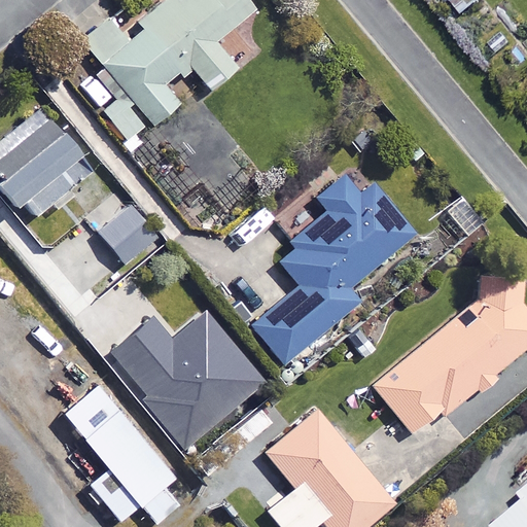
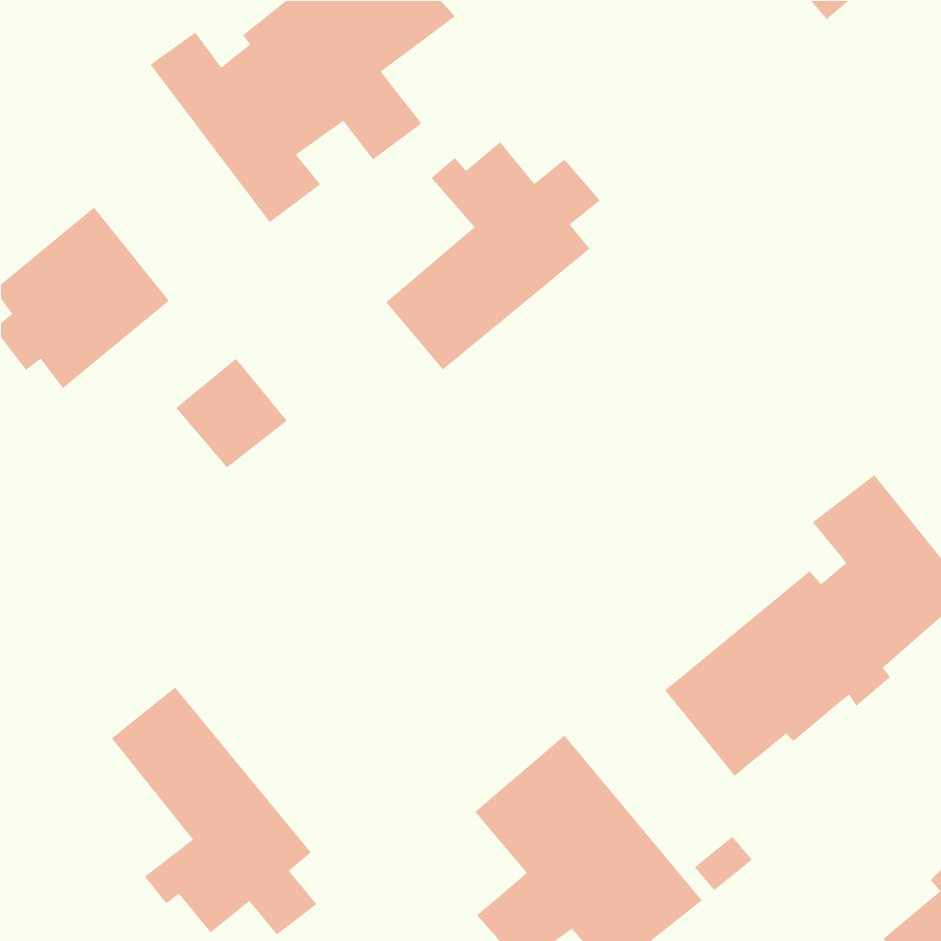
building: none -> [385,141,601,371]
building: [251,168,411,364] -> none
building: [112,311,272,455] -> none

